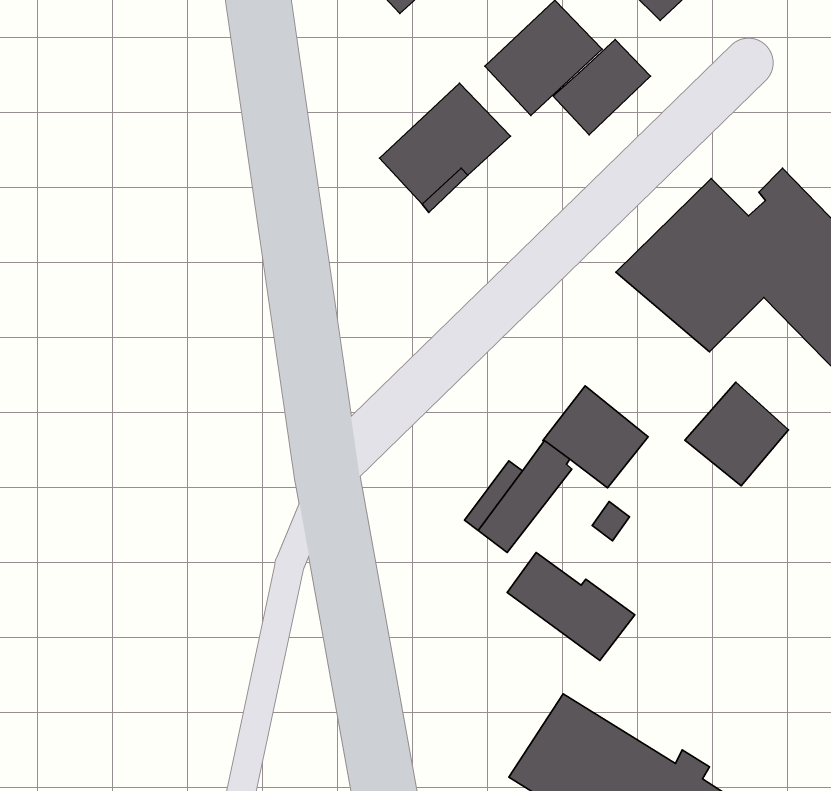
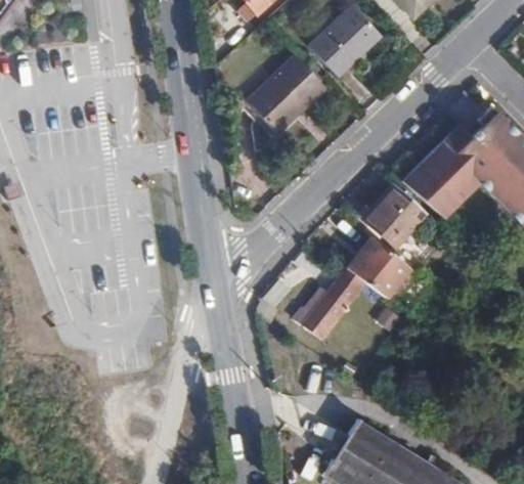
building: [552,40,650,135] -> none
building: [685,382,789,486] -> [363,184,426,247]
building: [507,553,635,660] -> none

